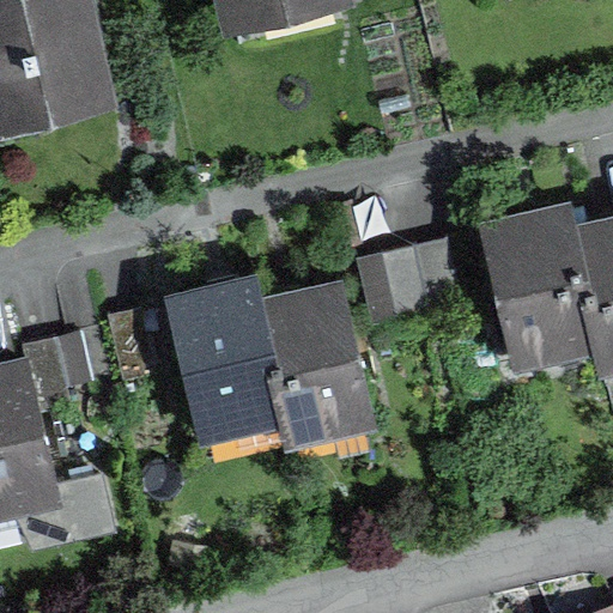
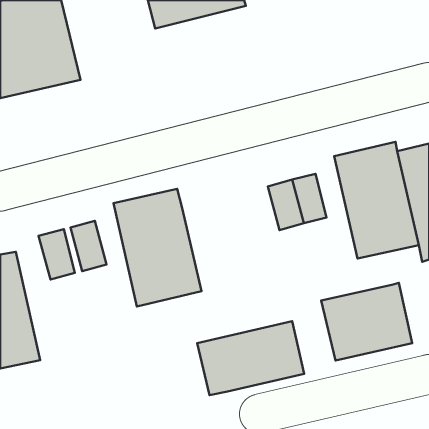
building: [260,278,378,455] -> none
building: none -> [321,283,412,360]
building: none -> [197,321,304,395]

